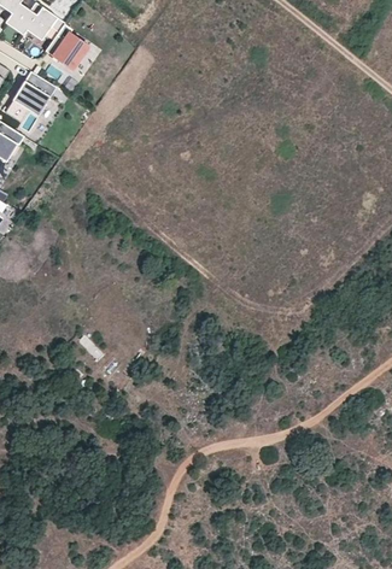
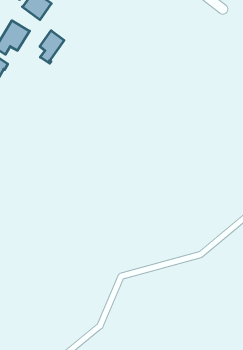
building: none -> [40,31,64,63]

